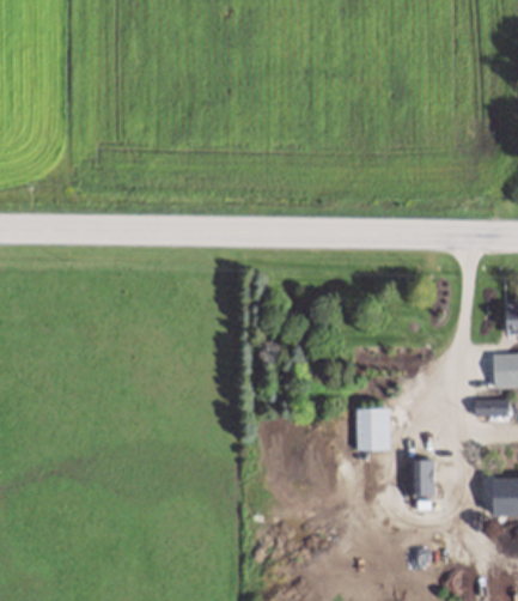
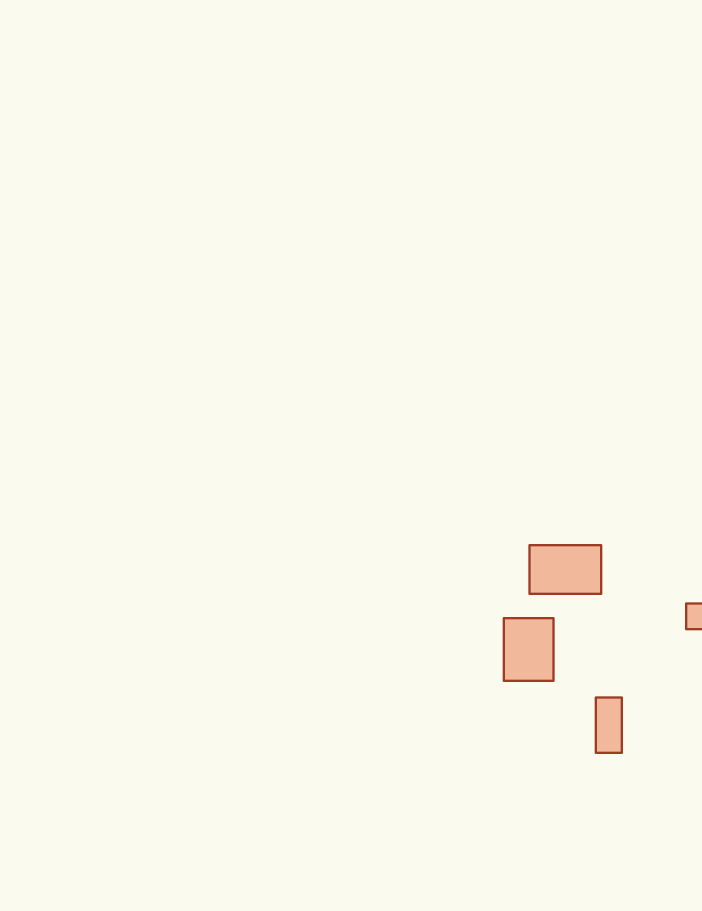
building: none -> [529,545,601,594]

